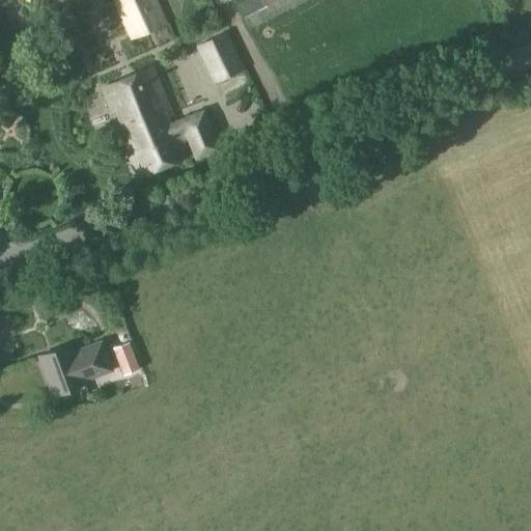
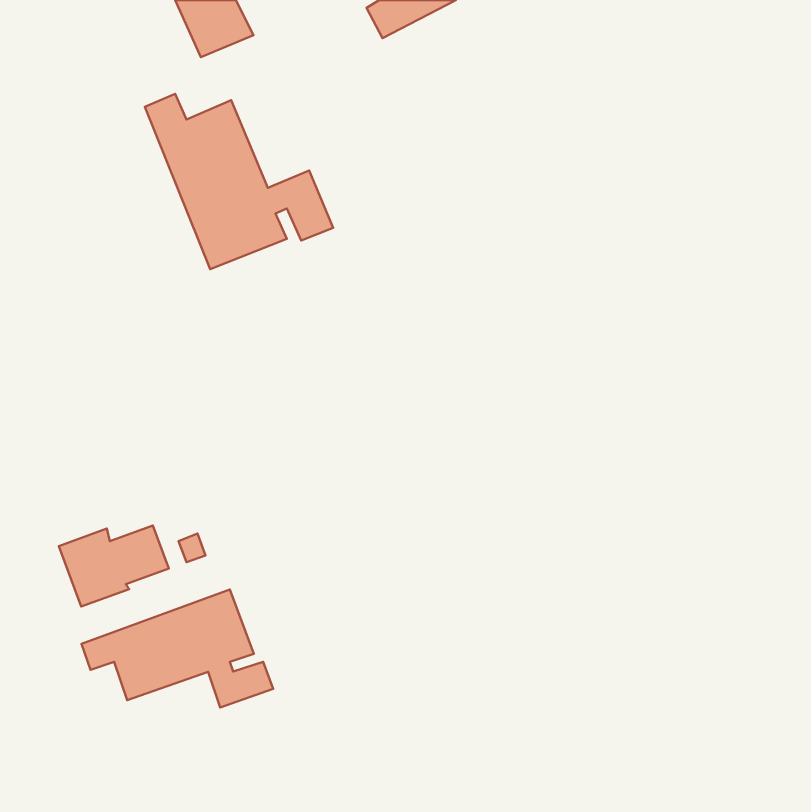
building: [199,32,244,82] -> none
building: none -> [81,590,273,707]

